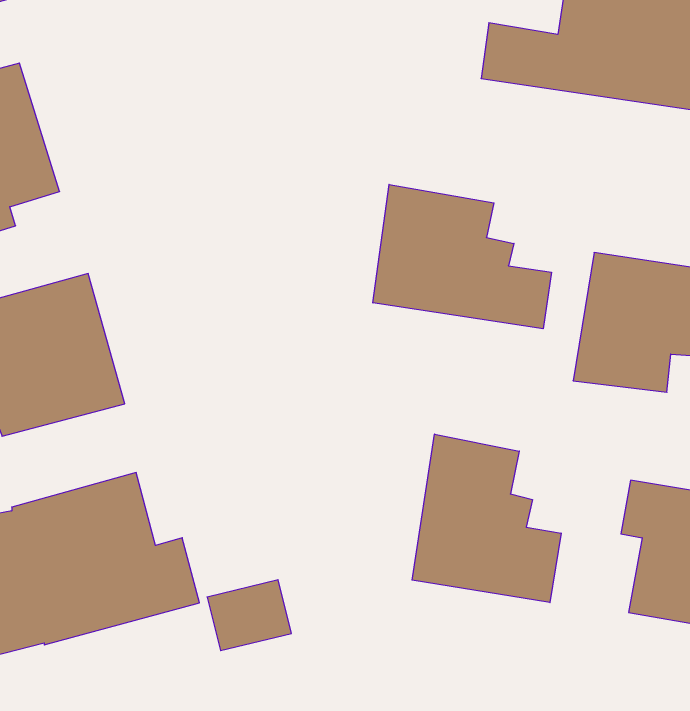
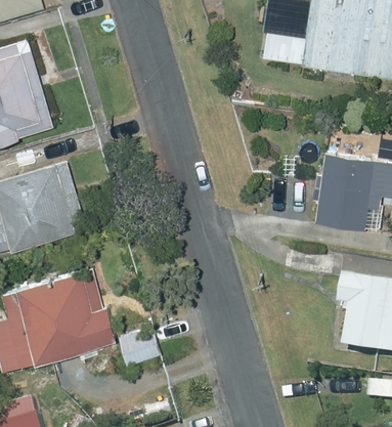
building: [373,184,551,329] -> none
building: [412,434,561,603] -> none

